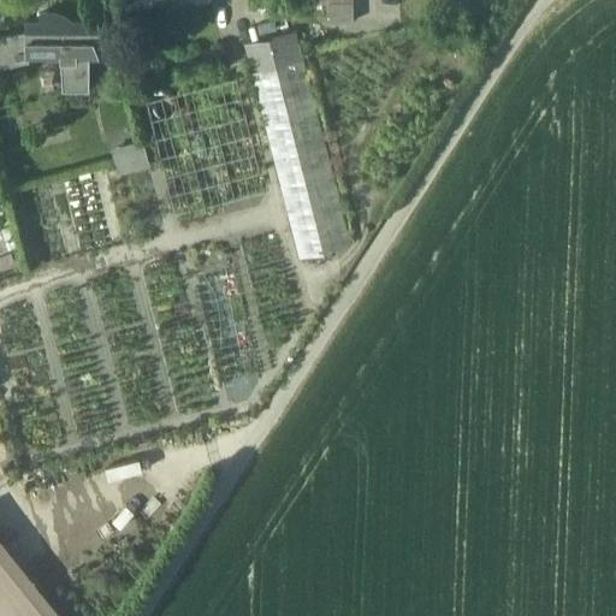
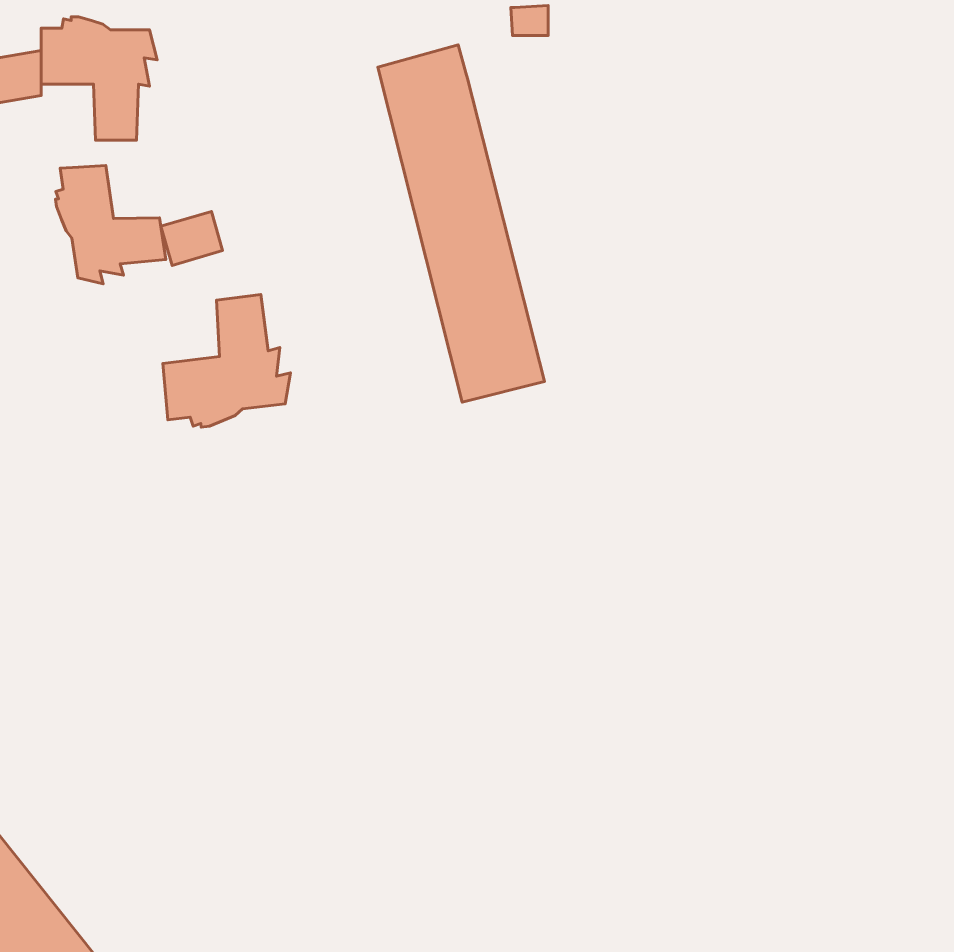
building: none -> [56,166,166,284]
building: none -> [163,295,290,427]

